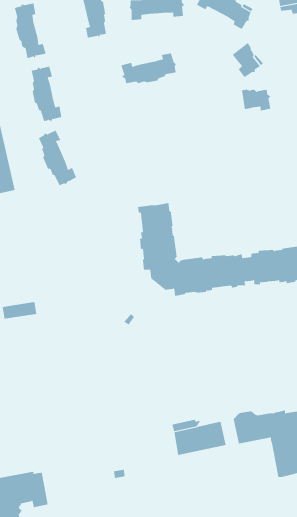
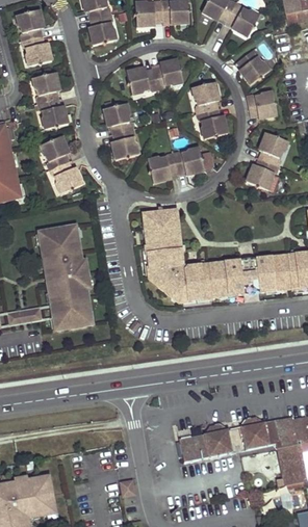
building: none -> [196,82,227,138]
building: none -> [103,104,135,160]
building: none -> [246,132,284,188]
building: none -> [149,151,204,183]
building: none -> [37,225,95,334]

